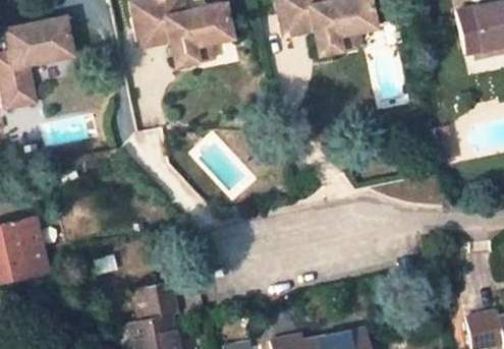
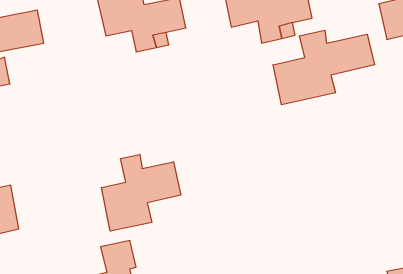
building: none -> [273,30,374,105]
building: none -> [101,154,181,231]

